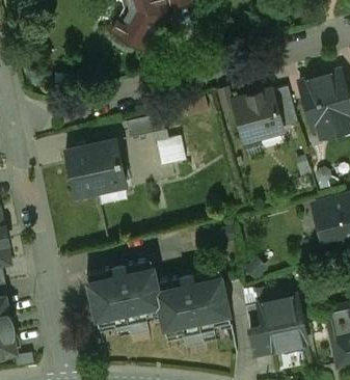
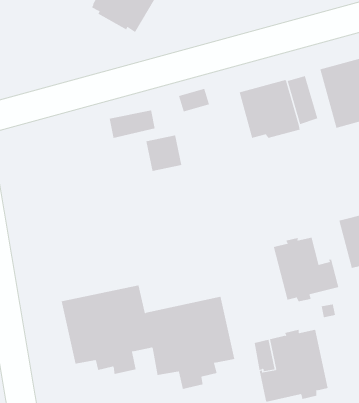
building: [65,139,125,198] -> none
building: none -> [273,237,340,302]

